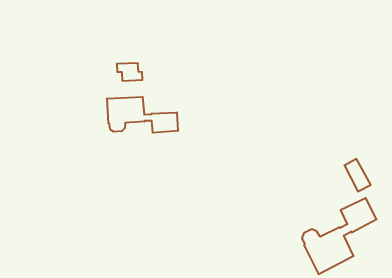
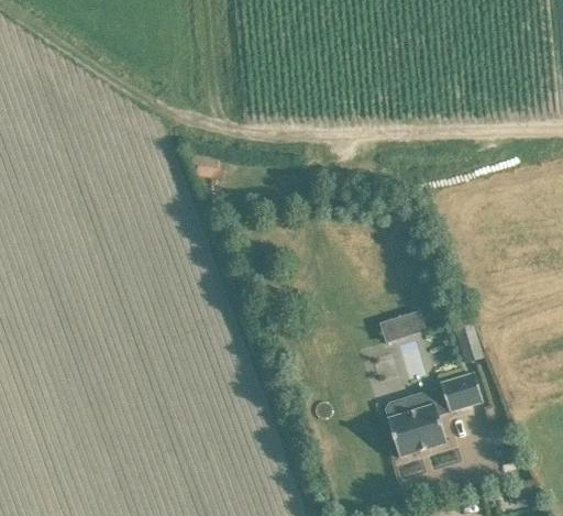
building: [107,97,178,133] -> none
building: none -> [384,310,428,339]

